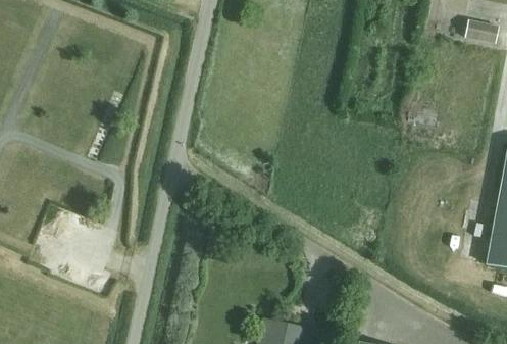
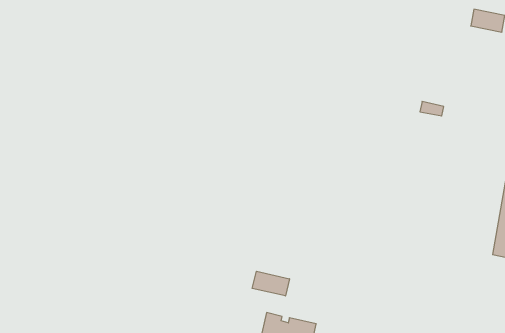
building: none -> [252,271,289,296]

